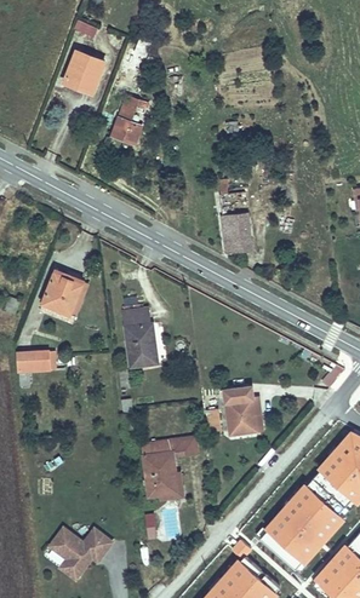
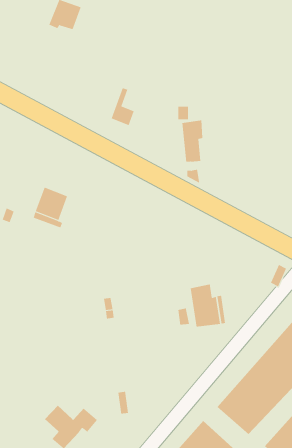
building: [113,99,141,144] -> [111,88,134,126]
building: [127,309,162,368] -> none
building: [19,350,51,369] -> none
building: [145,438,201,500] -> none

